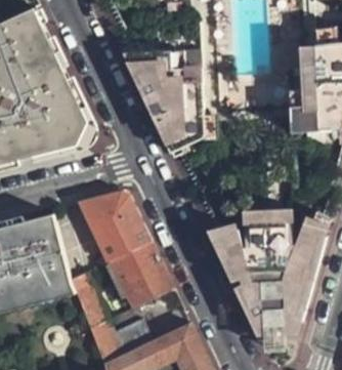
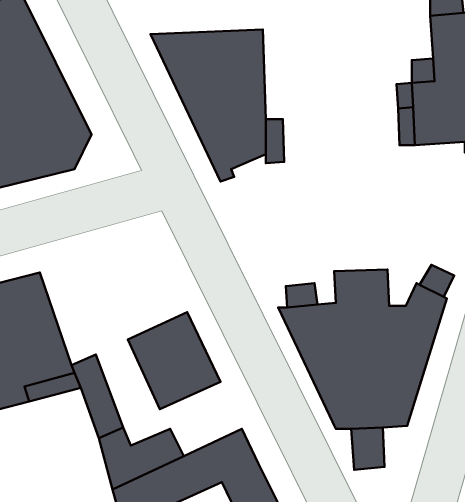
building: [76,190,151,262] -> none

